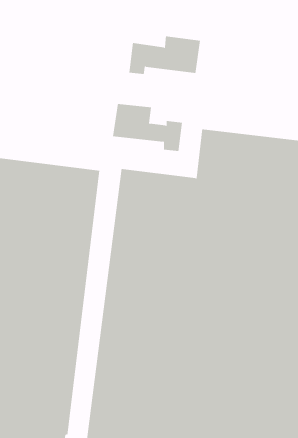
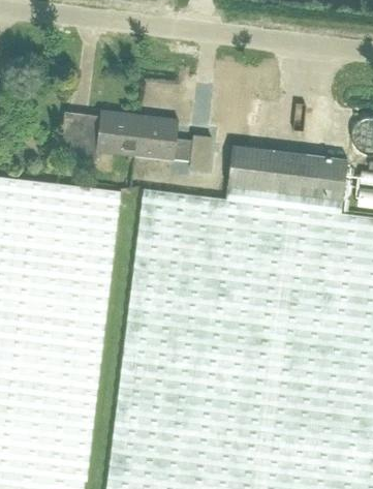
building: [129,36,201,75] -> [60,113,139,155]

